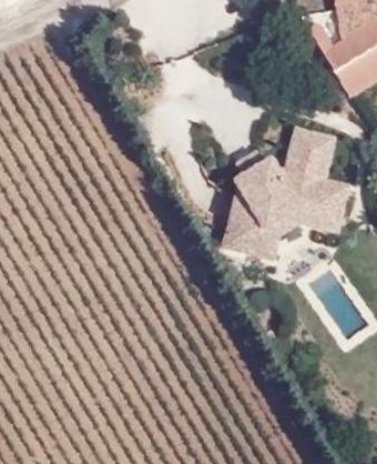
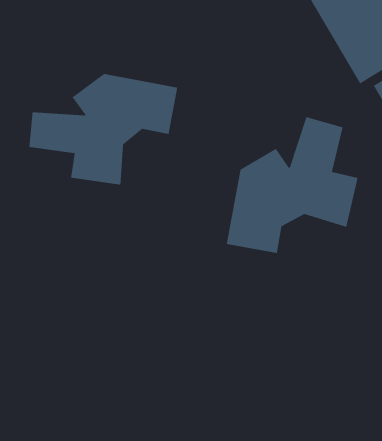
building: none -> [29,73,178,186]

